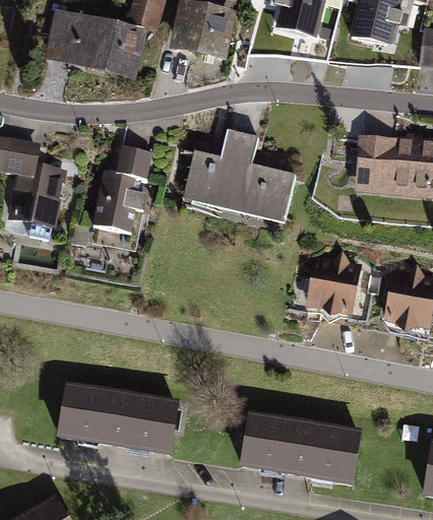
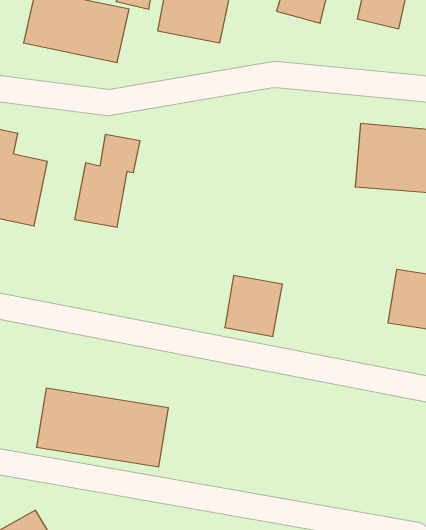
building: [182,128,296,223] -> none
building: [307,257,361,314] -> [225,275,283,336]
building: [241,411,362,483] -> none

